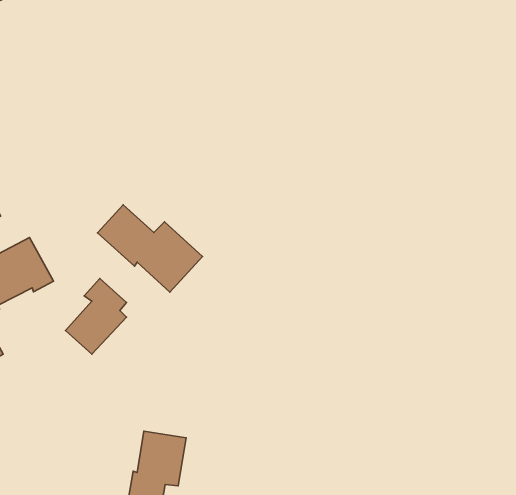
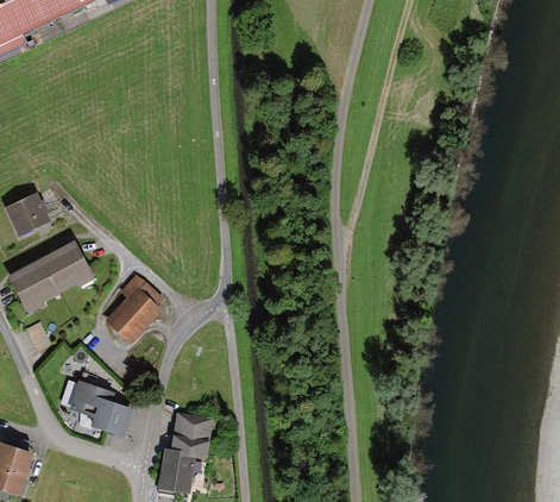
building: [98,205,203,292] -> none
building: none -> [67,379,132,438]

